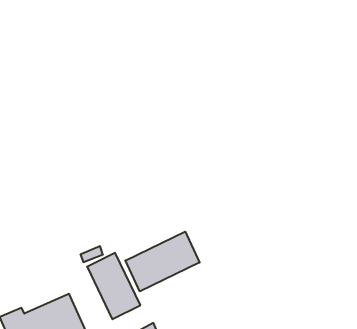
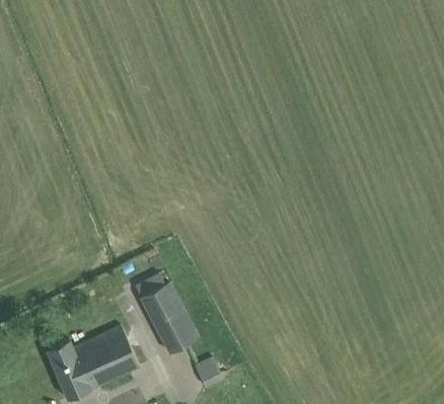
building: [125,232,200,291] -> none

